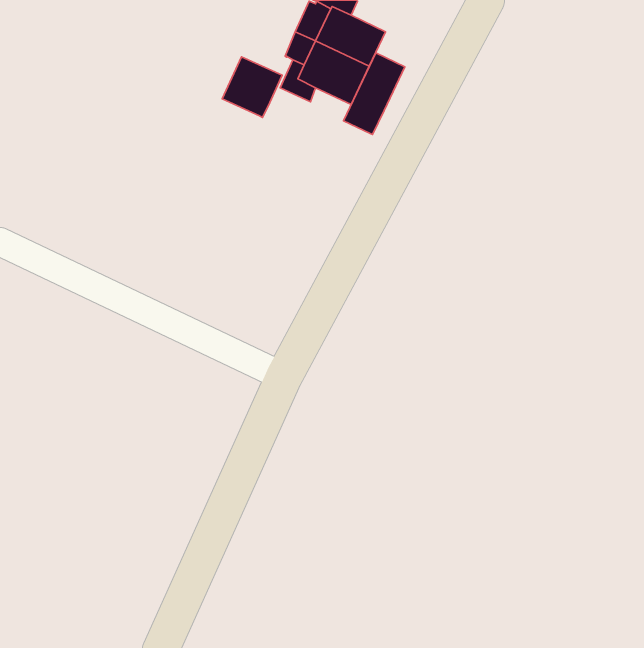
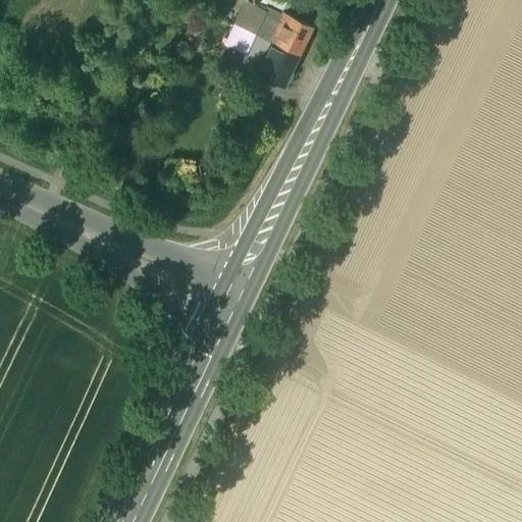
building: [344,53,405,134] -> none
building: [222,57,282,117] -> none

